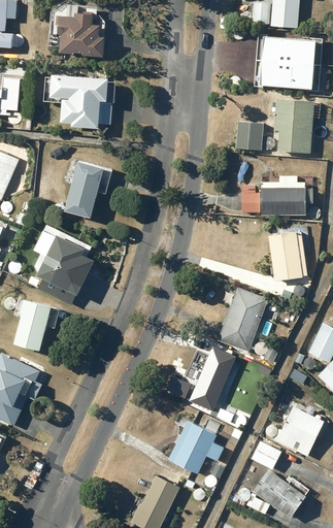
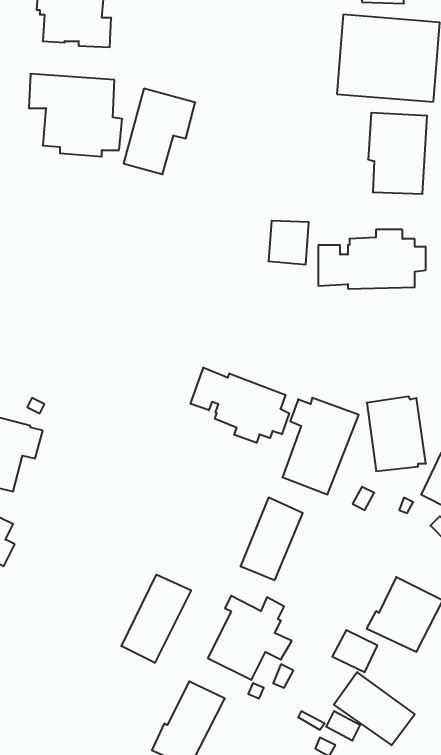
building: [236,122,263,151] -> [268,221,309,264]
building: [64,161,111,218] -> [124,89,195,174]
building: [36,228,94,295] -> none
building: [268,231,307,280] -> [367,397,426,471]
building: none -> [191,367,289,443]
building: none -> [121,575,191,663]

